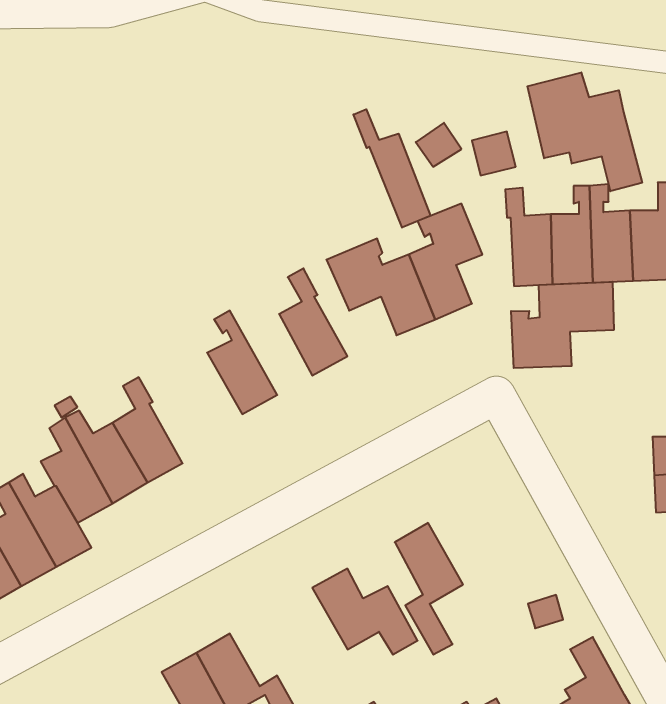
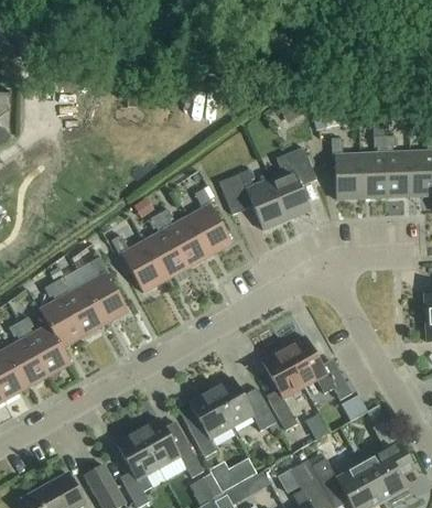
building: [527,72,642,191] -> none
building: [353,109,430,228] -> none
building: [511,282,614,368] -> none
building: none -> [158,209,209,268]
building: none -> [111,235,165,293]
building: none -> [282,336,352,400]
building: none -> [186,389,231,457]

